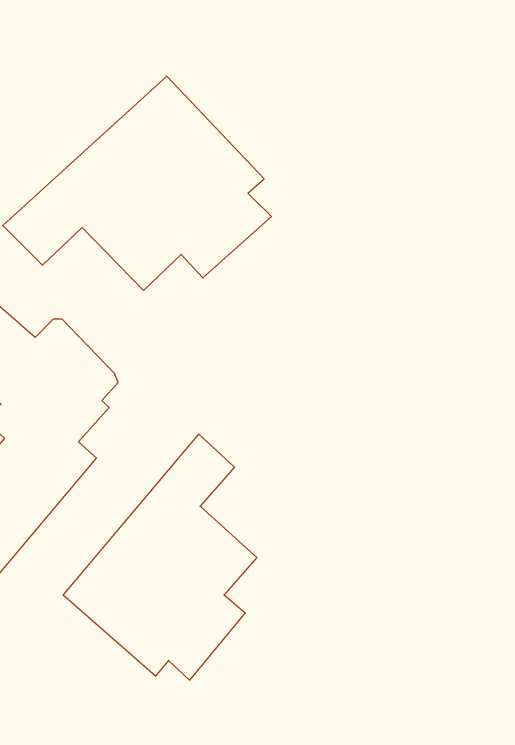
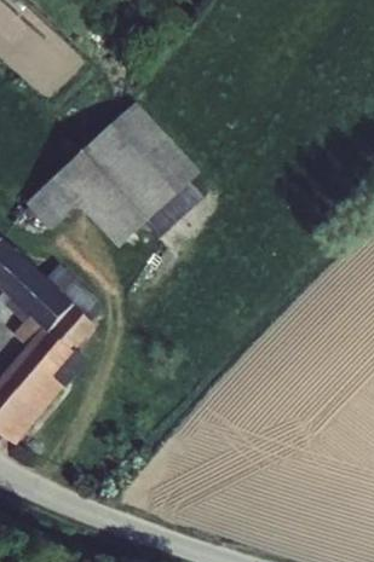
building: [63,434,257,680] -> none

